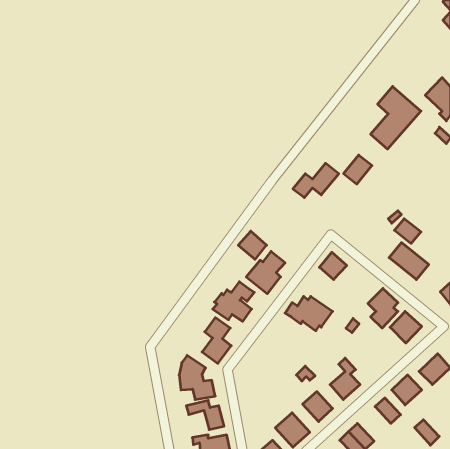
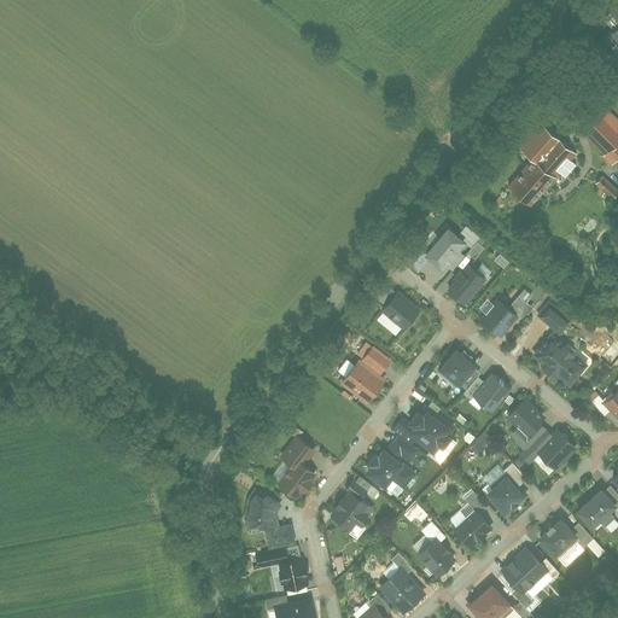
building: [344,155,372,184] -> [448,264,486,304]
building: none -> [479,298,518,338]
building: [238,231,267,259] -> [381,291,420,330]
building: none -> [472,373,512,413]
building: [213,282,254,321] -> [363,436,420,490]
building: none -> [484,464,527,517]
building: none -> [330,482,375,532]
building: [415,420,439,445] -> [502,559,536,594]

